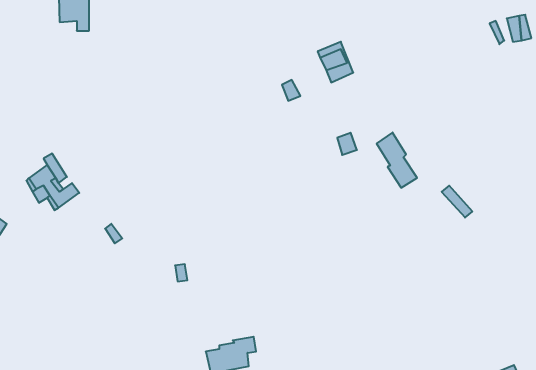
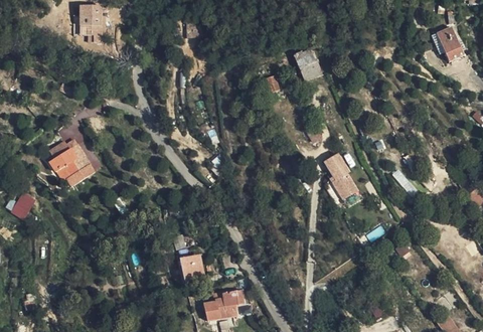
building: [377,132,417,188] -> [323,155,356,200]
building: none -> [183,255,204,278]

